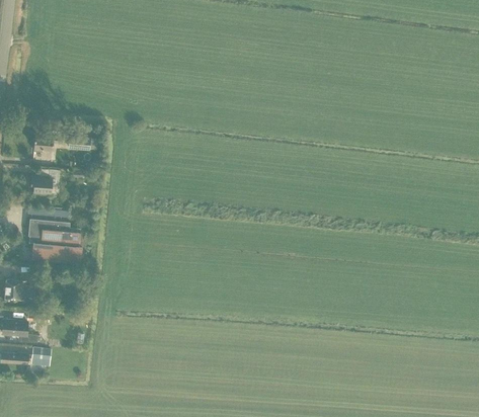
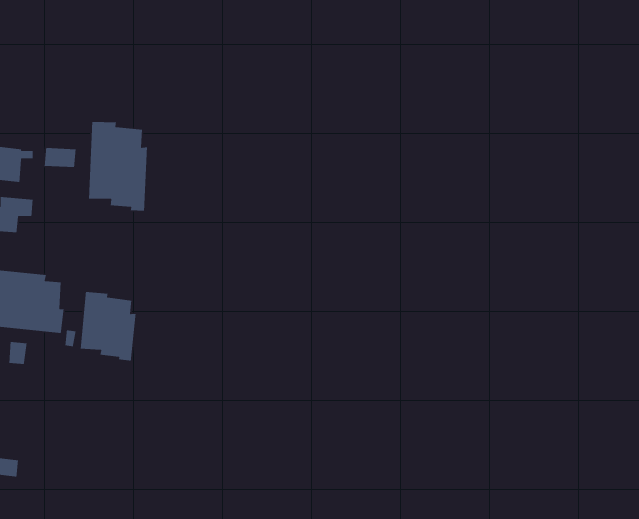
building: none -> [88,121,148,212]
building: none -> [80,291,136,361]

